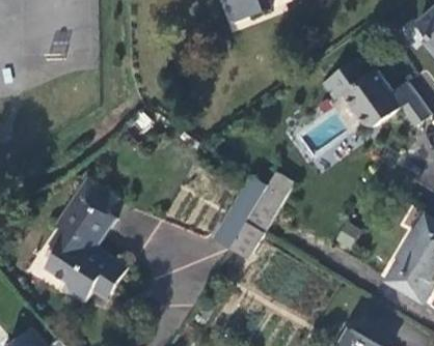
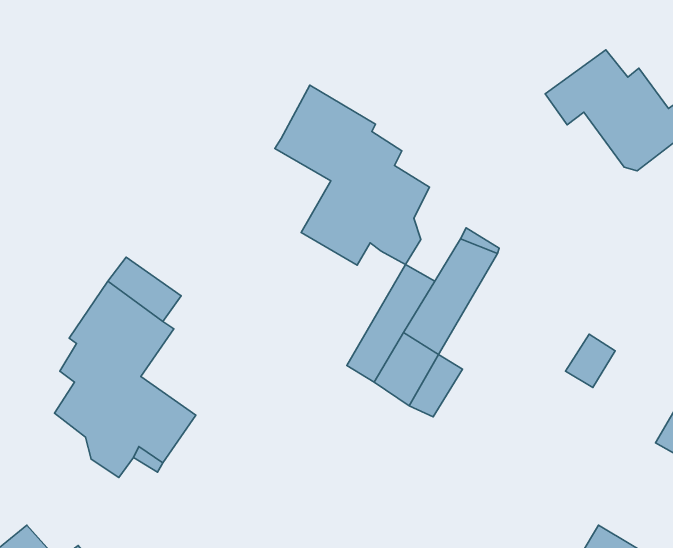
building: none -> [275,85,430,265]

